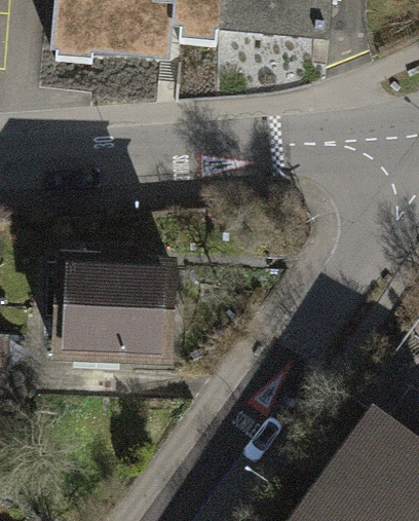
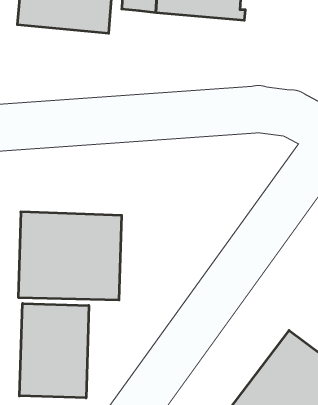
building: none -> [19,303,89,398]

